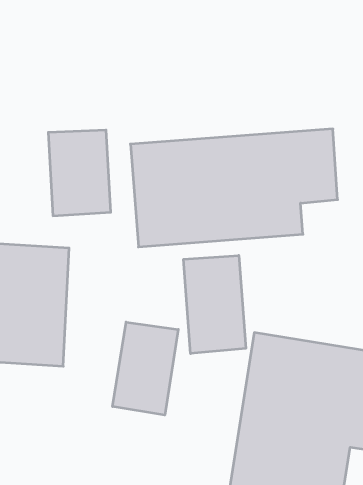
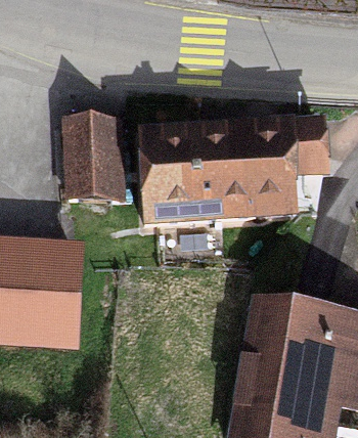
building: [184,255,246,354] -> none
building: [113,322,178,415] -> none

